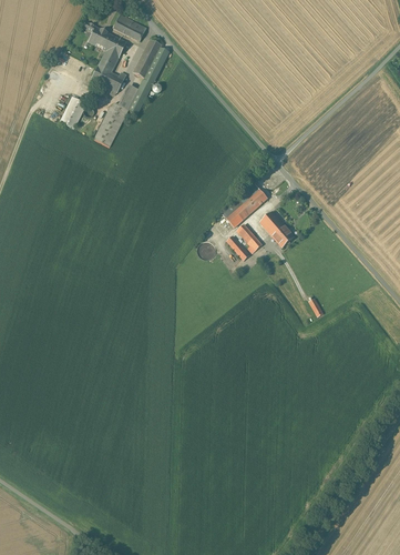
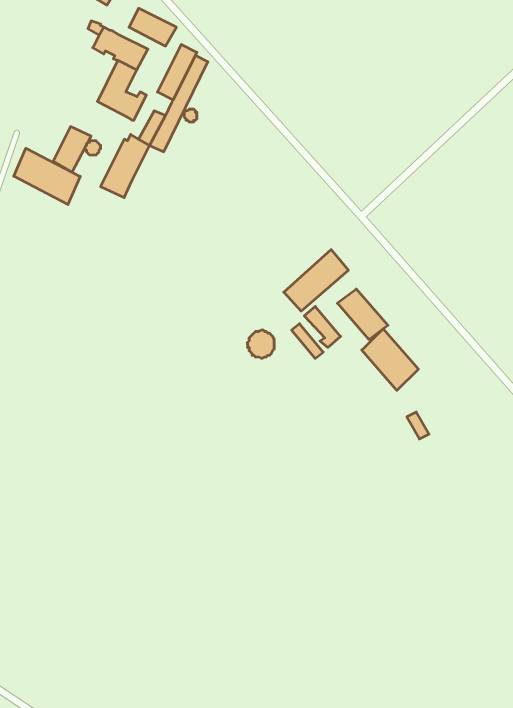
building: none -> [14,148,80,205]
building: none -> [362,329,418,390]

